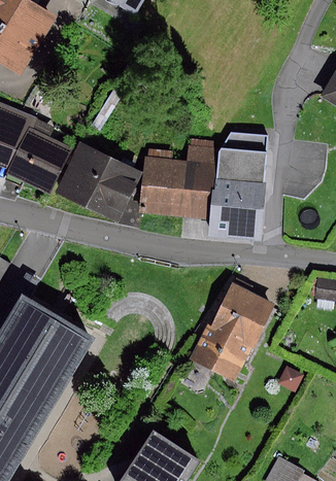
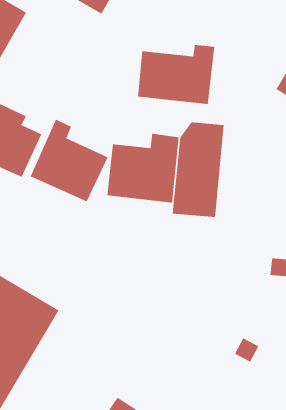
building: none -> [137,44,215,105]
building: [189,283,273,382] -> none

